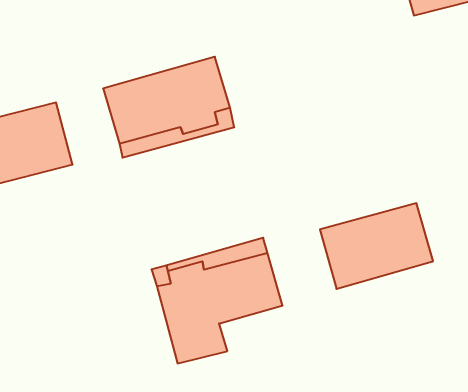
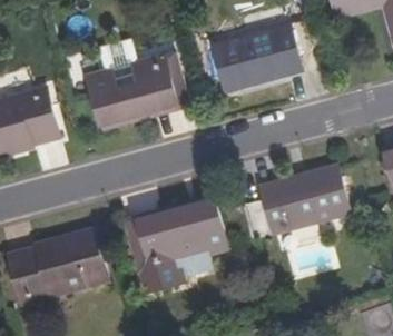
building: none -> [212,22,302,91]
building: none -> [7,233,108,305]

